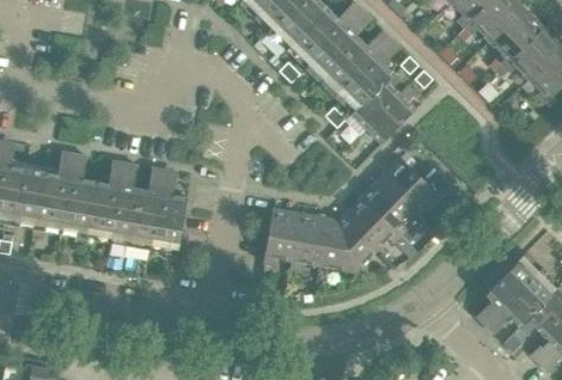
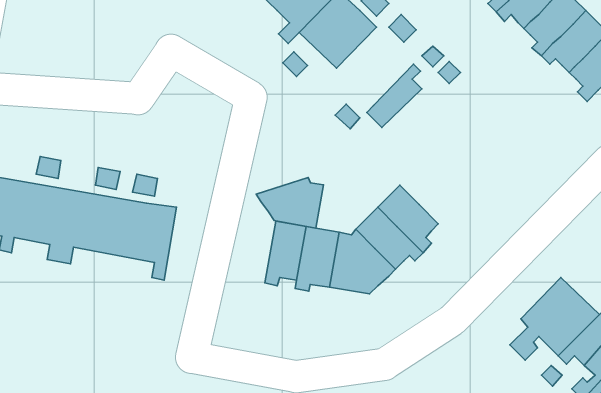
building: [325,38,392,106] -> none
building: [365,84,415,142] -> none
building: [380,155,444,209] -> none
building: none -> [256,178,323,228]

